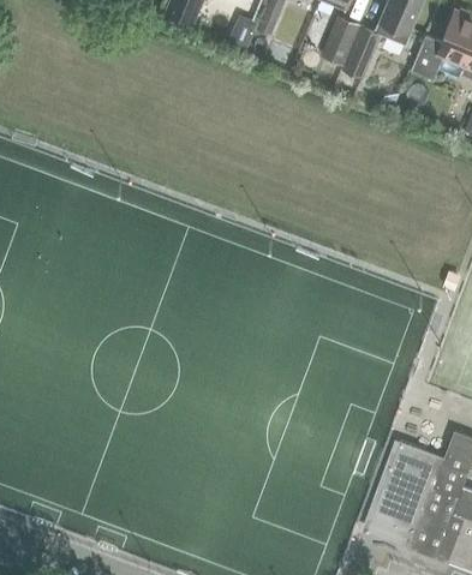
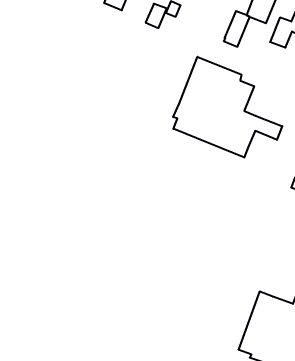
building: [324,17,360,65] -> none
building: none -> [173,57,282,158]

